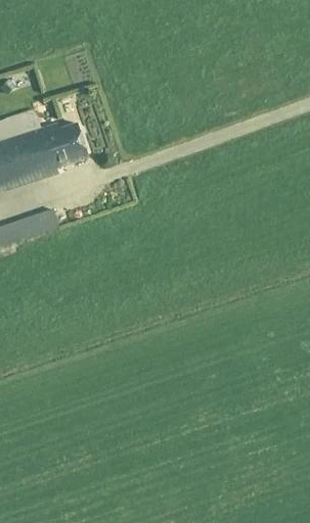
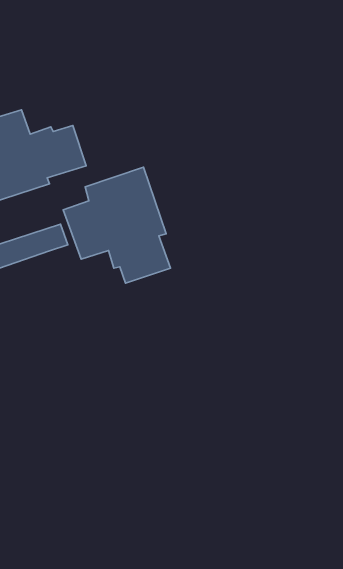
building: none -> [63,167,171,283]

